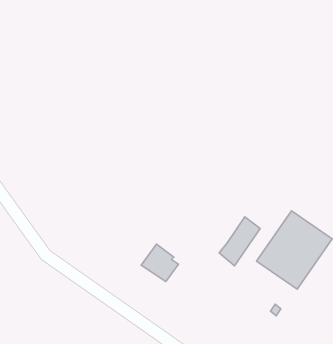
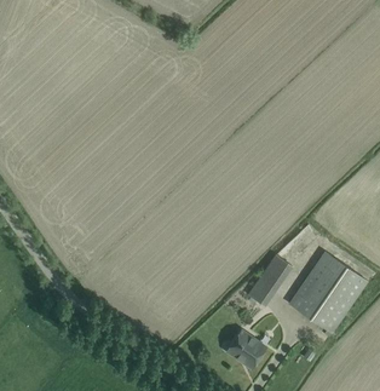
building: [141,244,178,282] -> [225,329,264,368]

